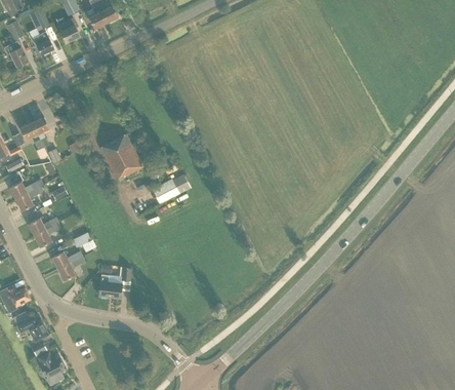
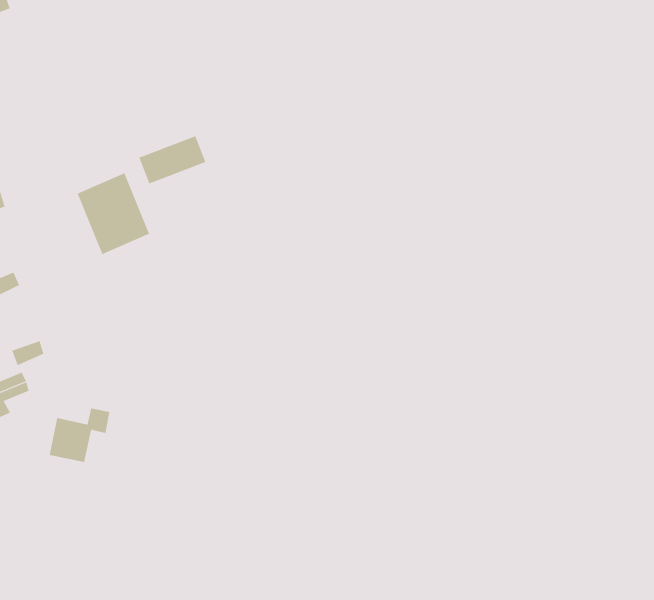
building: [152,173,190,203] -> [139,136,206,184]

